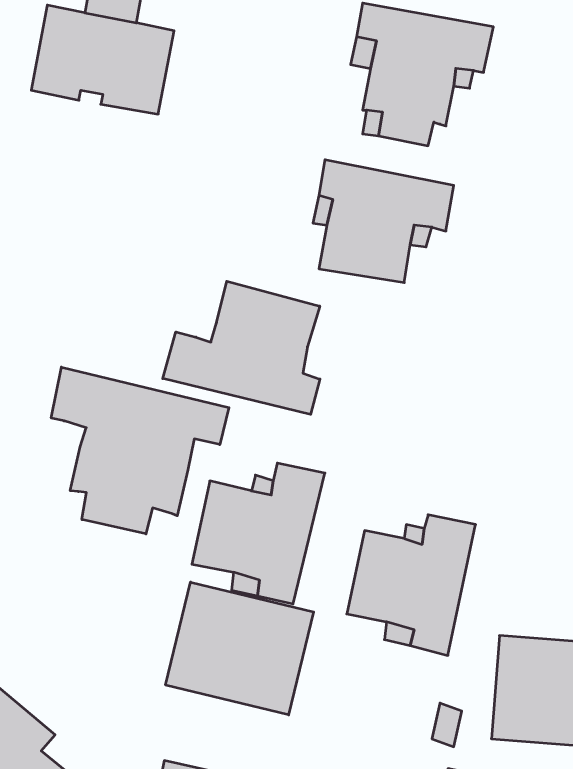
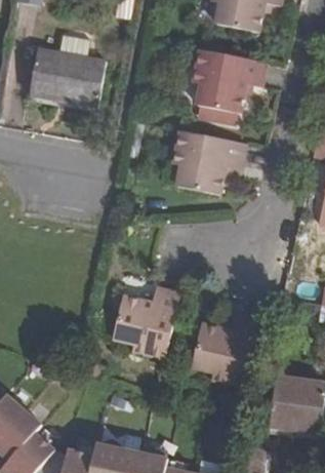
building: [163,281,320,414] -> none
building: [51,367,229,534] -> none
building: [166,582,314,715] -> none

